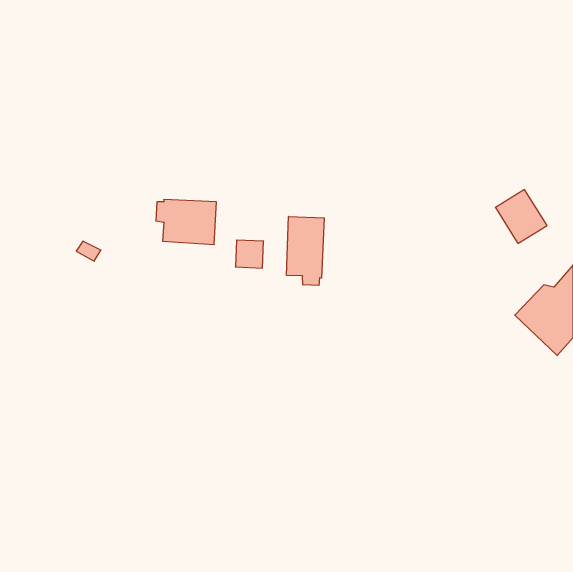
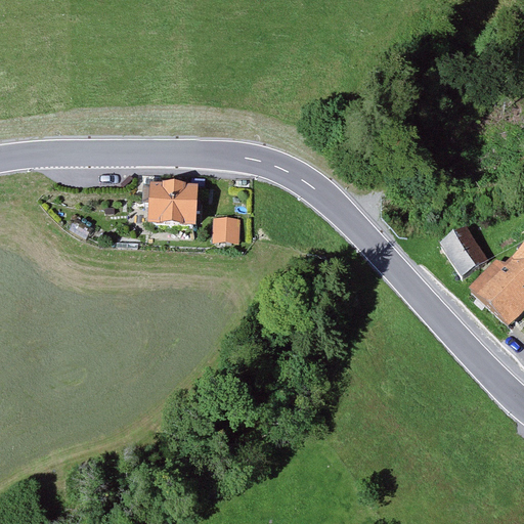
building: [495,190,547,243] -> [441,226,488,275]
building: [287,216,324,285] -> none

